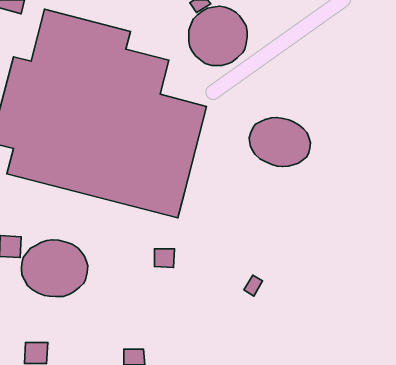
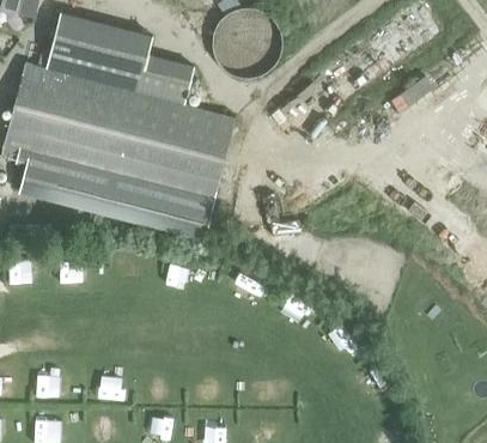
building: [249,117,311,167] -> none
building: [22,240,88,297] -> none

